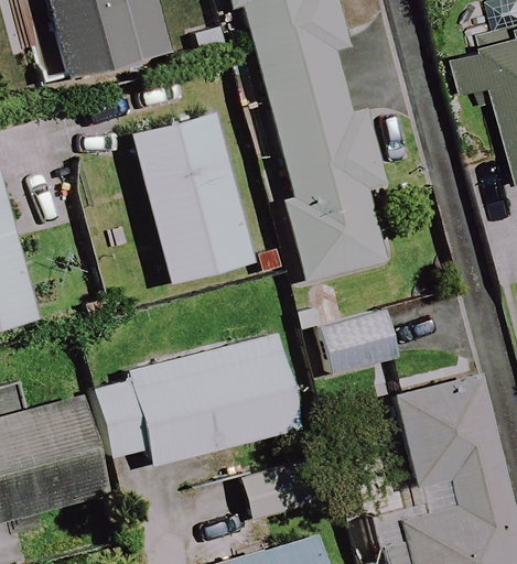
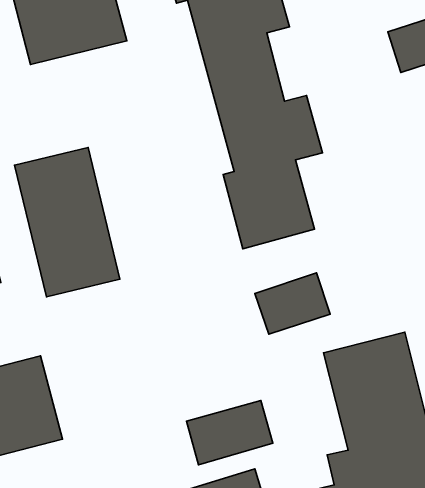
building: [136,118,252,284] -> [15,147,120,297]
building: [97,330,303,468] -> none

